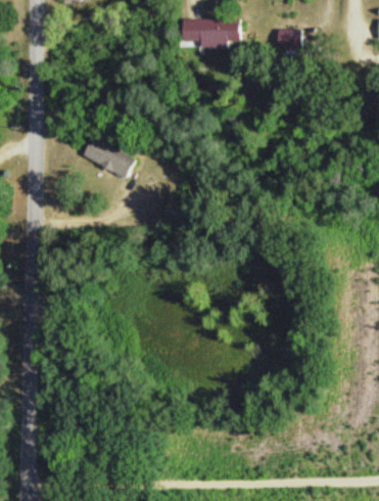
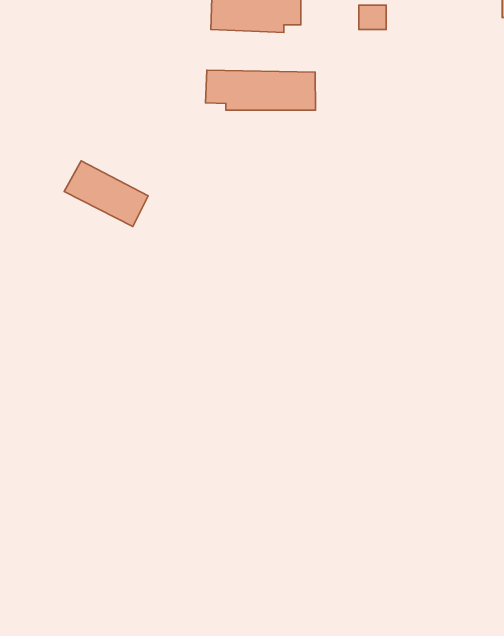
building: none -> [205,70,315,110]

